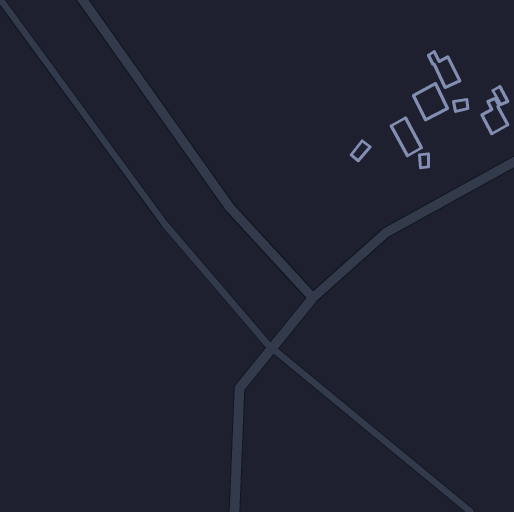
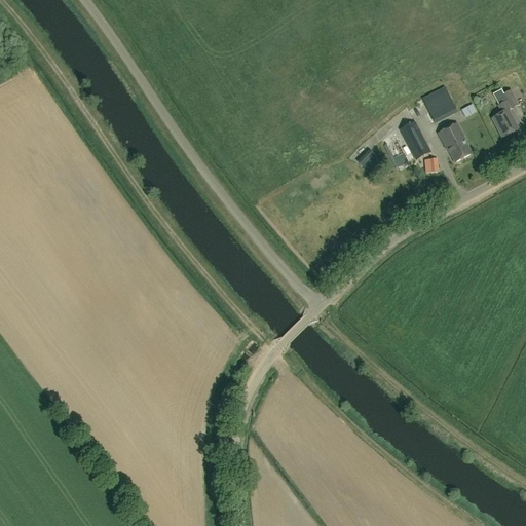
building: [429,51,460,87] -> none
building: none -> [438,122,472,161]

